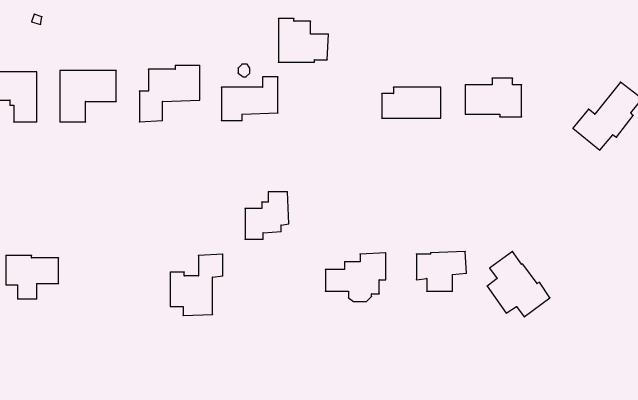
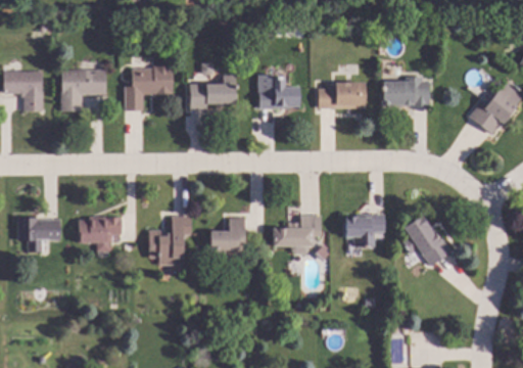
building: [278,19,328,62] -> [259,74,299,108]
building: [245,192,289,239] -> [210,218,245,256]
building: none -> [80,217,122,250]

